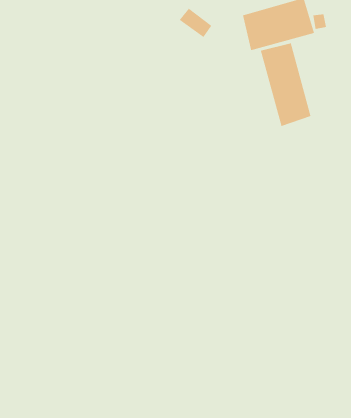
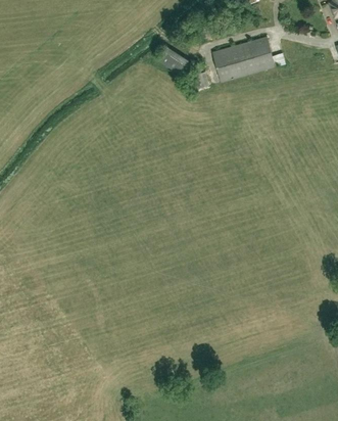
building: [260,42,311,127] -> none

